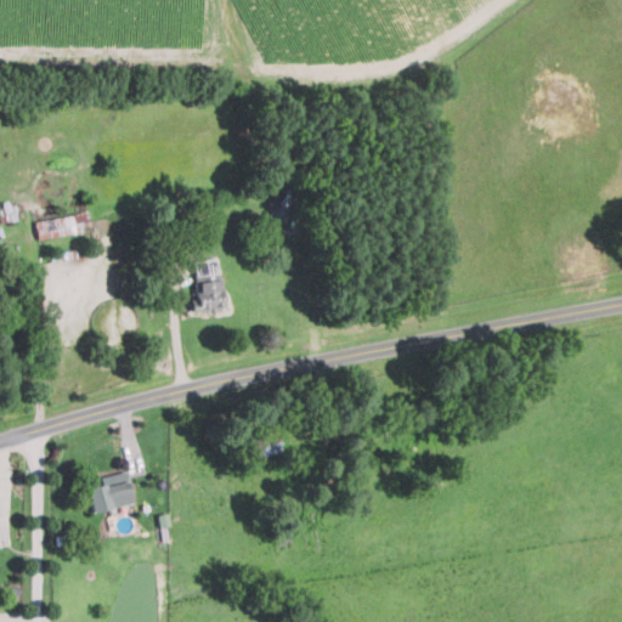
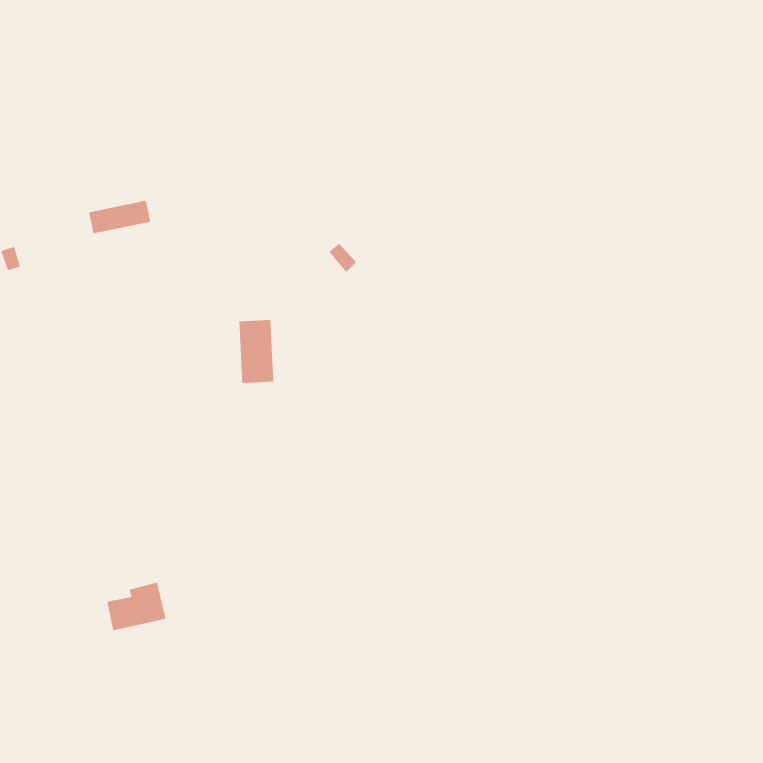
building: [36,214,87,242] -> [88,200,151,234]

